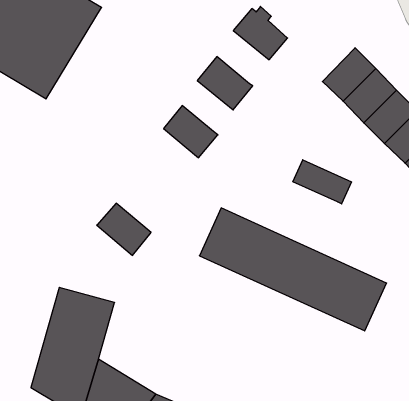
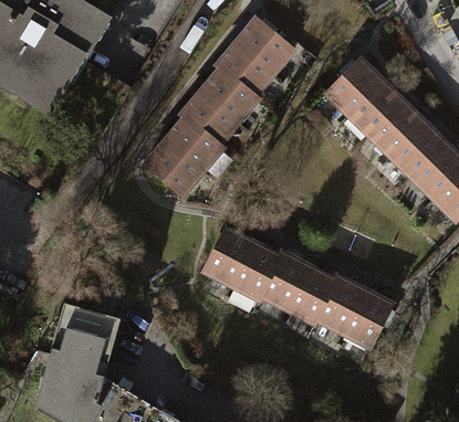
building: none -> [218,43,274,97]
building: none -> [182,94,238,146]
building: [293,160,352,204] -> none
building: [97,203,151,255] -> [147,143,202,196]

